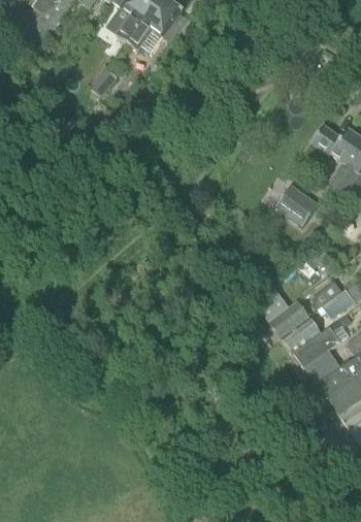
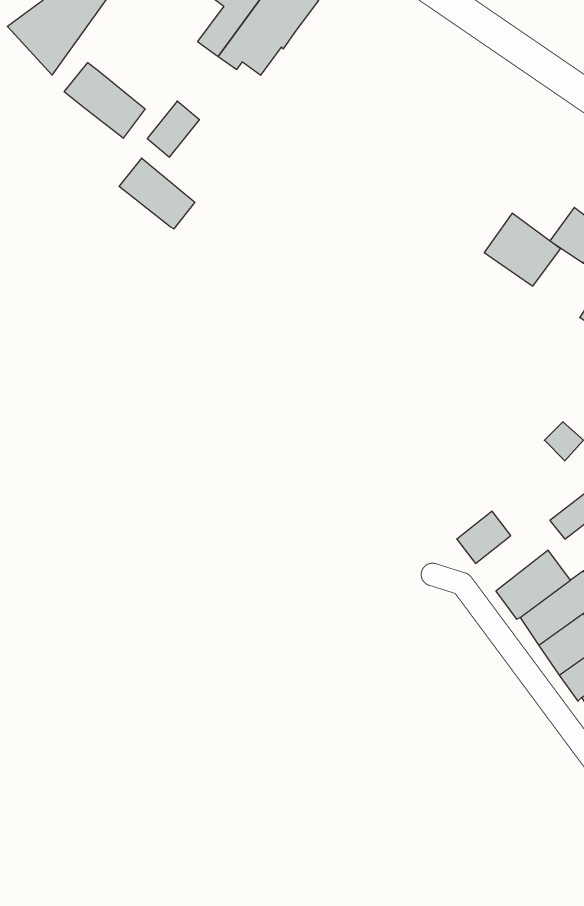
building: none -> [64,63,145,138]
building: none -> [119,158,195,229]
building: [275,185,318,225] -> [484,213,561,286]
building: [269,299,309,337] -> none

